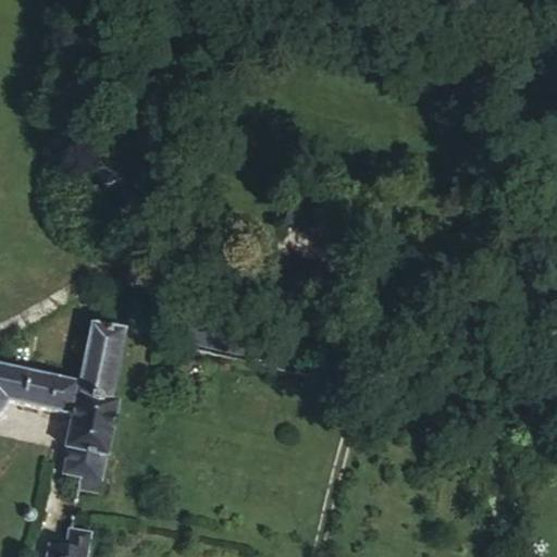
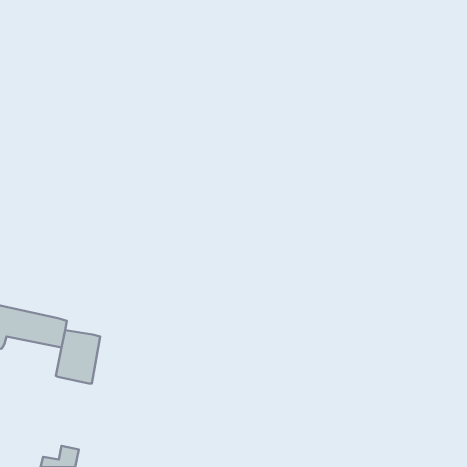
building: [77,320,124,396] -> none
building: [63,446,106,490] -> none

